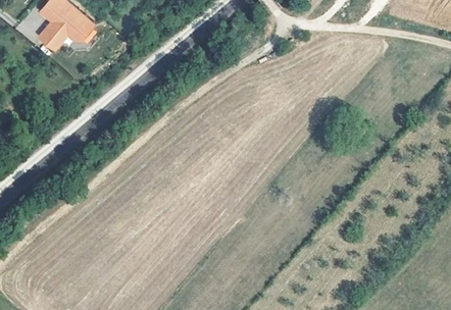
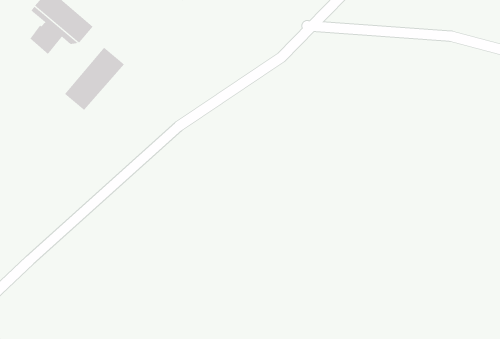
building: none -> [64,47,125,111]

